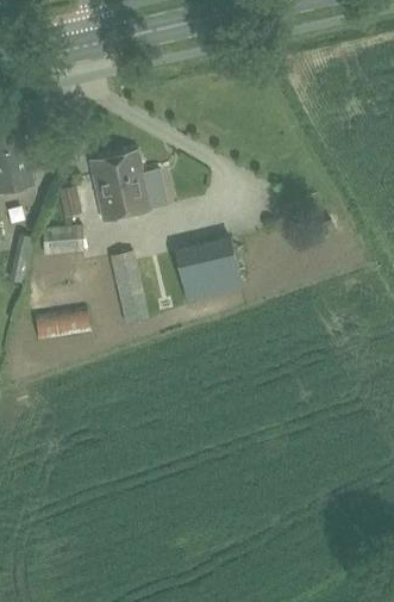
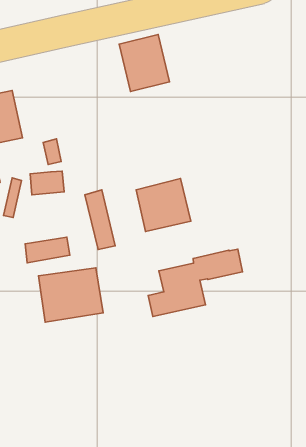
building: [89,150,152,222] -> [119,35,169,91]
building: none -> [148,249,242,316]
building: none -> [39,268,103,322]

